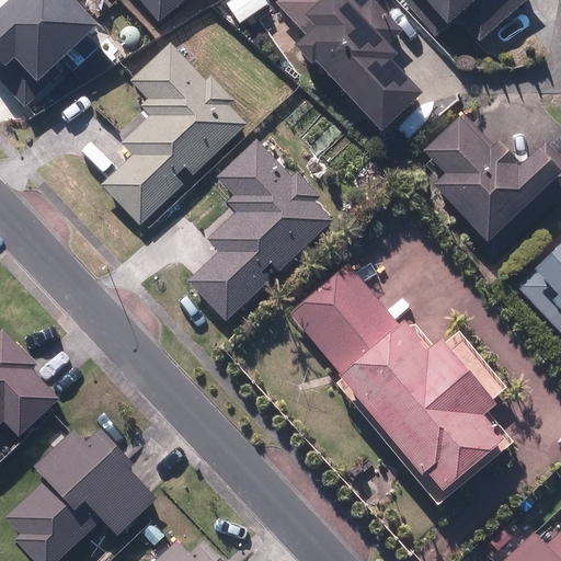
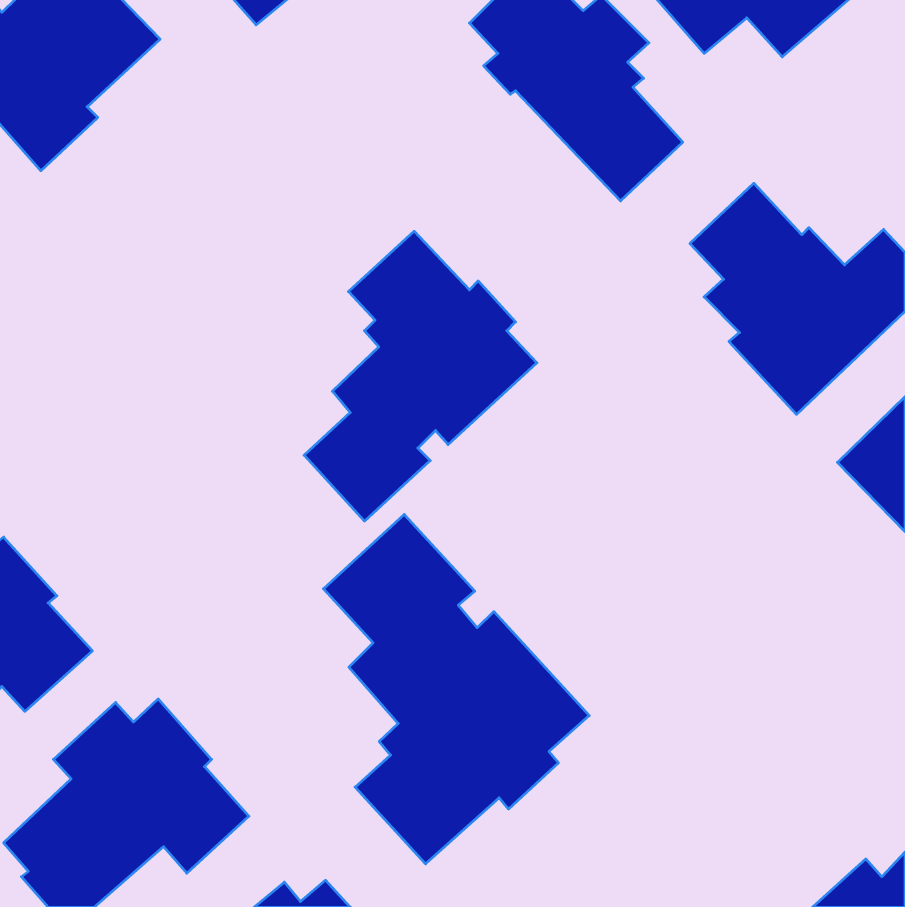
building: [100,46,244,228] -> none
building: [290,262,501,488] -> none
building: none -> [323,514,589,864]

